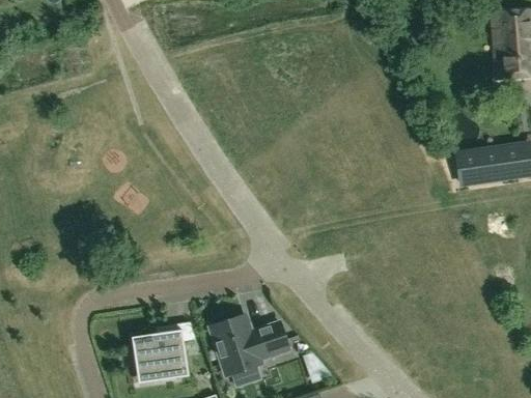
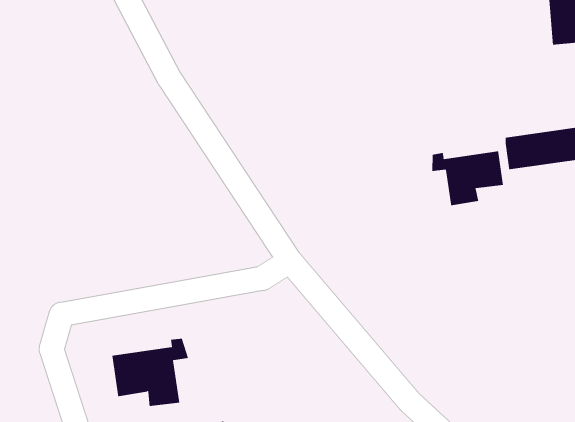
building: none -> [432,150,503,206]
building: [212,316,289,374] -> none

